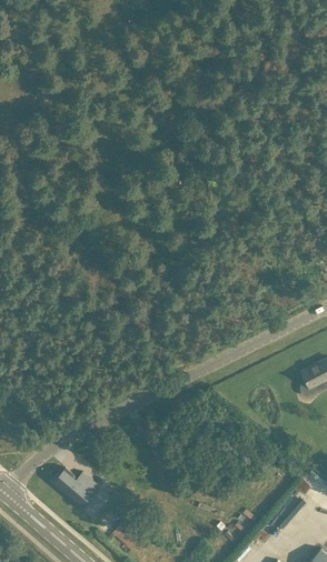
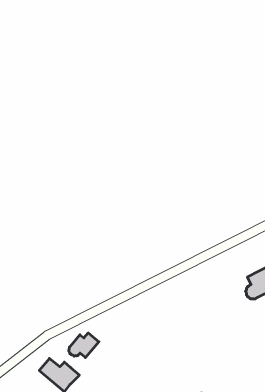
building: none -> [69,333,99,358]

